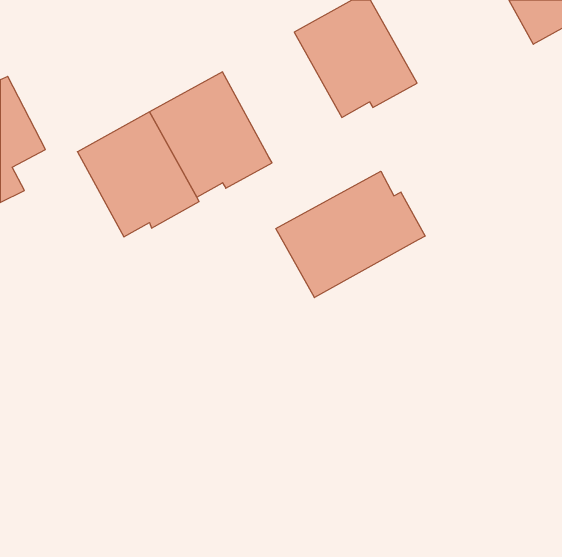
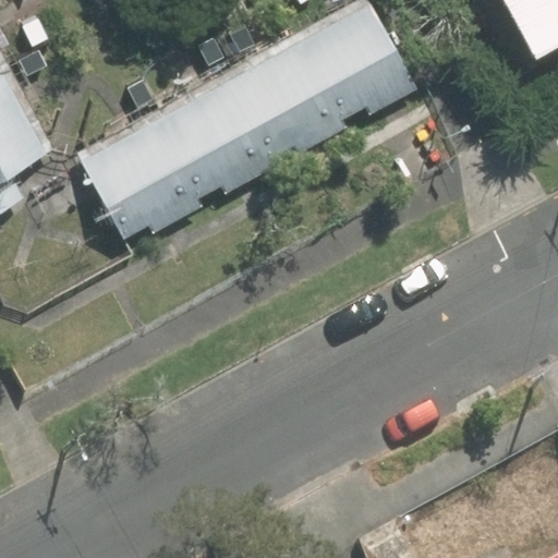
building: none -> [222,40,342,163]
building: [276,171,425,298] -> none

